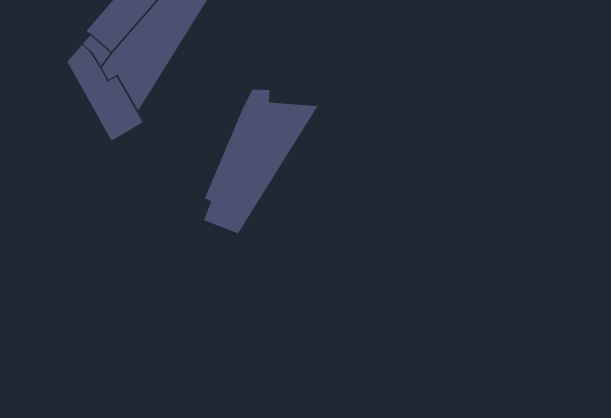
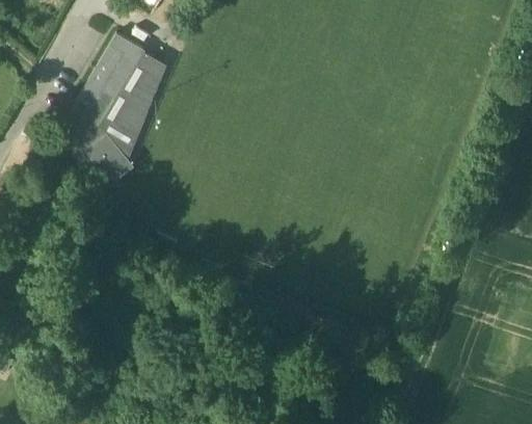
building: [203,89,319,234] -> none

